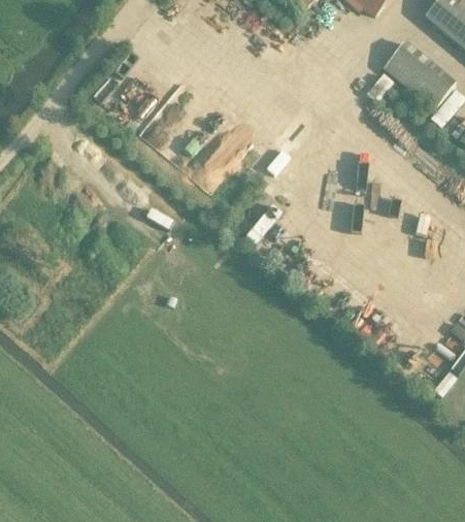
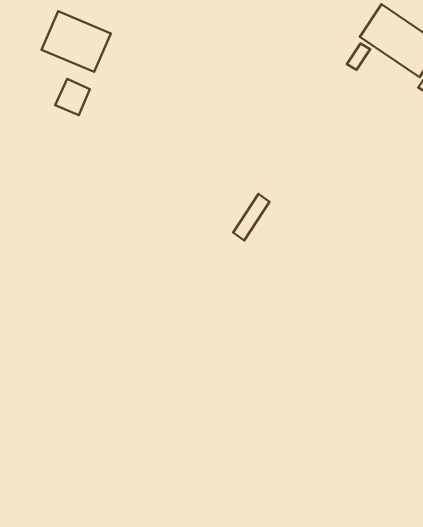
building: none -> [41,11,111,72]

